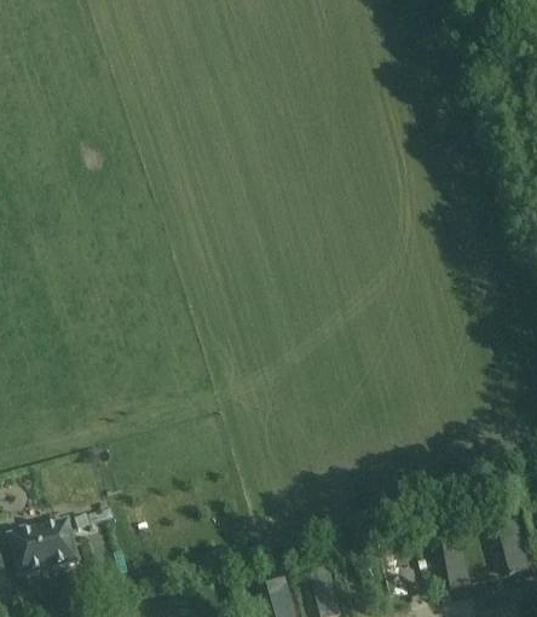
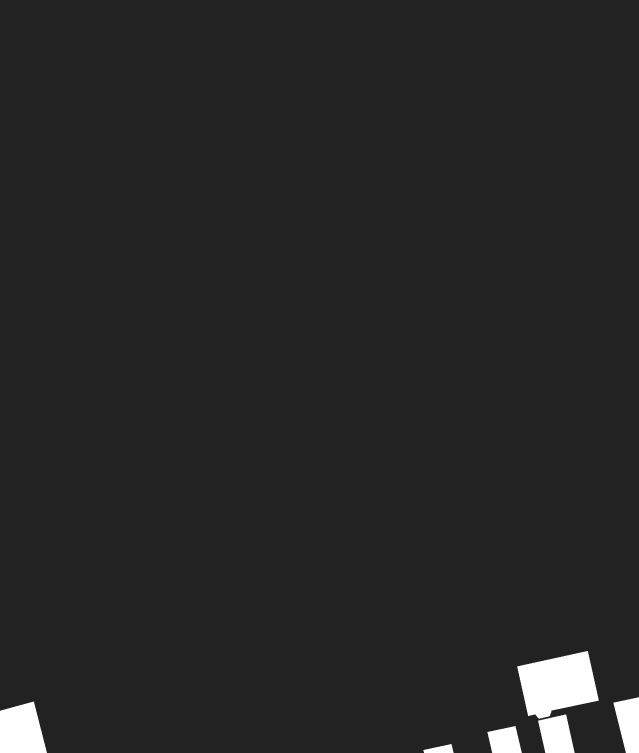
building: none -> [517,650,600,720]

